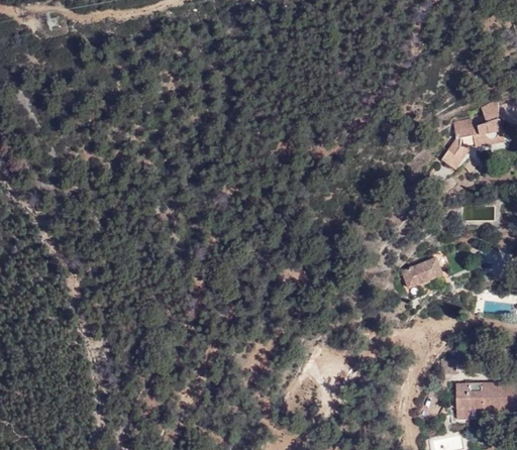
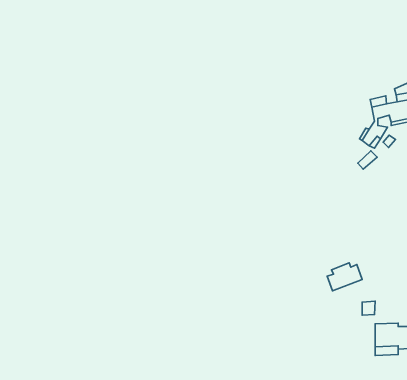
building: [403,252,443,285] -> [327,263,362,291]

